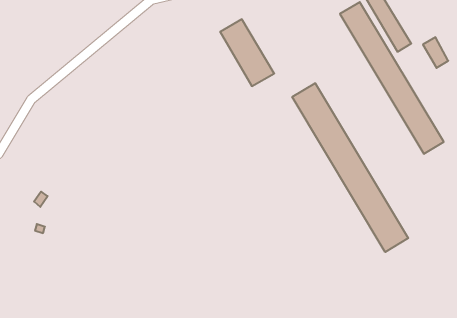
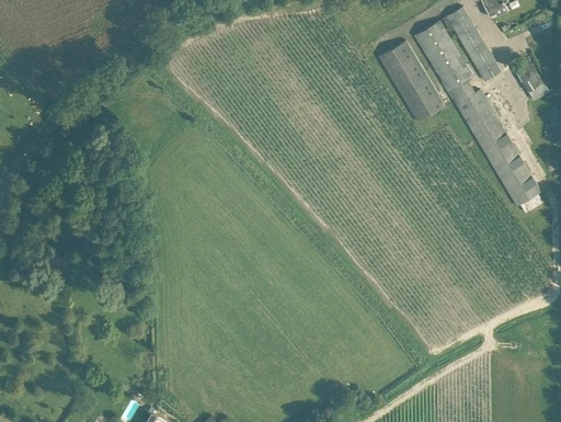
building: [220,19,274,86] -> [379,41,445,122]
building: [292,83,408,252] -> none

